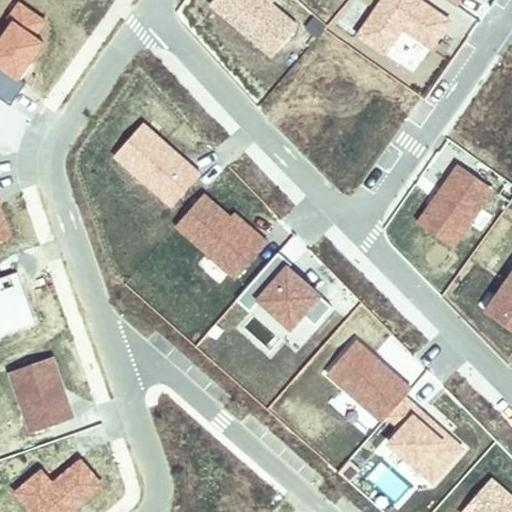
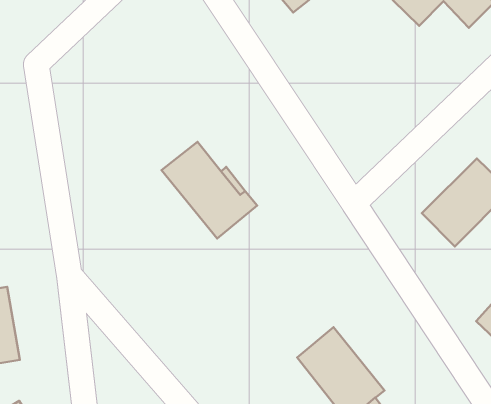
building: [113,124,199,206] -> none
building: [236,253,331,328] -> none

